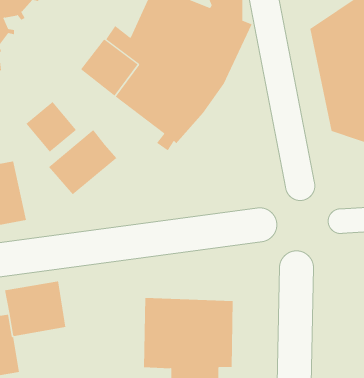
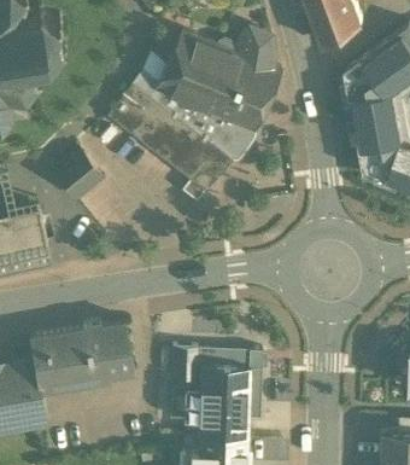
building: [48,129,117,195] -> none
building: none -> [83,322,131,384]

